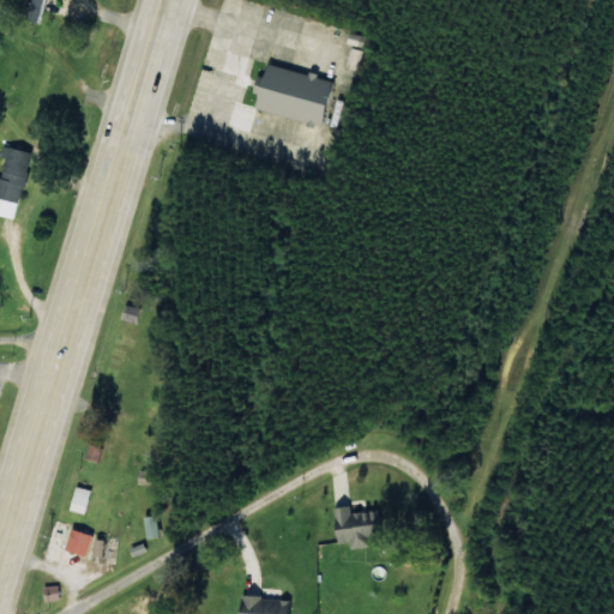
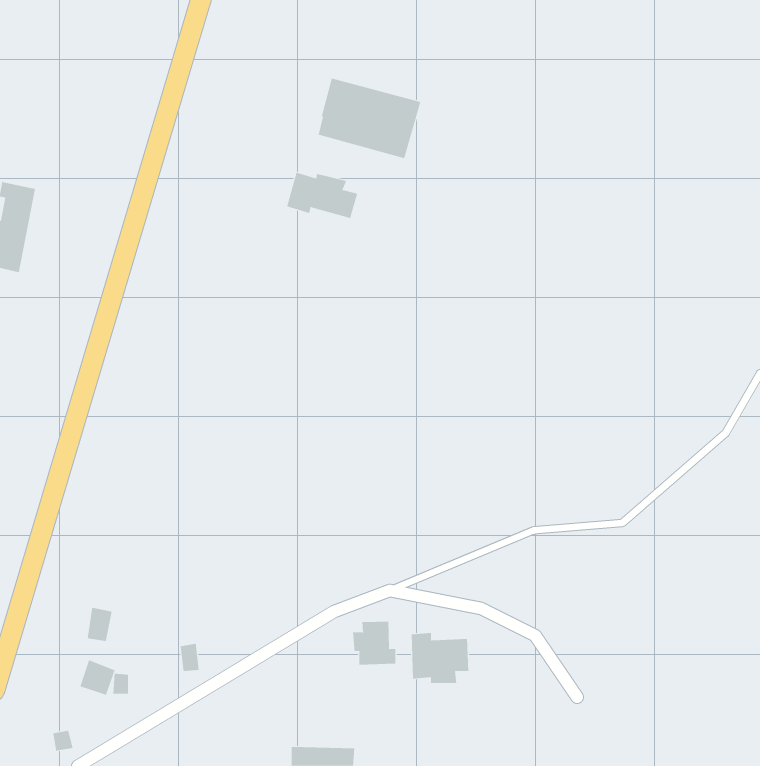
building: none -> [287,172,358,219]
building: none -> [353,621,396,665]

